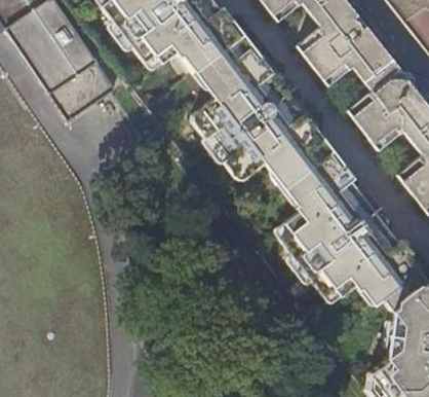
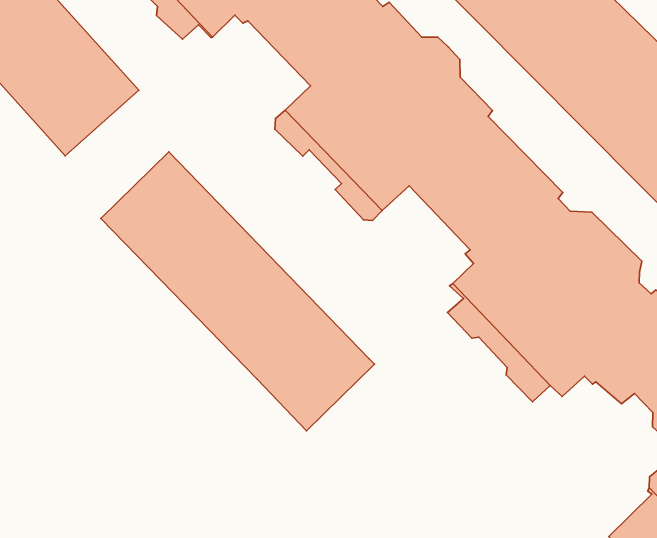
building: none -> [101,152,374,431]

